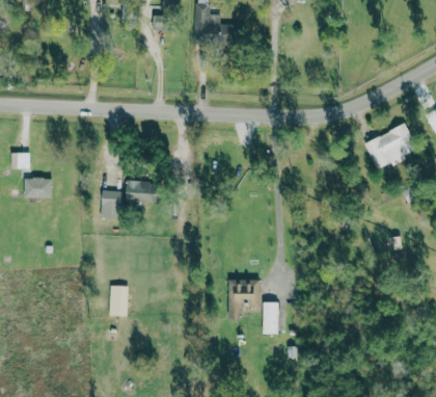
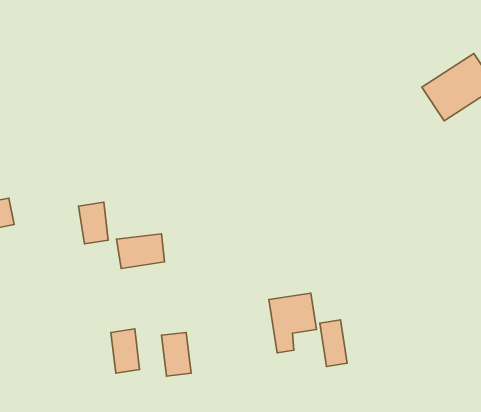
building: [126,181,159,203] -> [117,234,164,269]
building: none -> [162,332,191,376]

